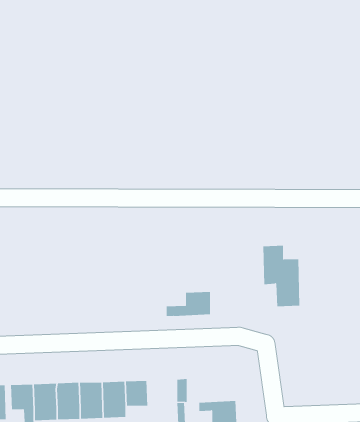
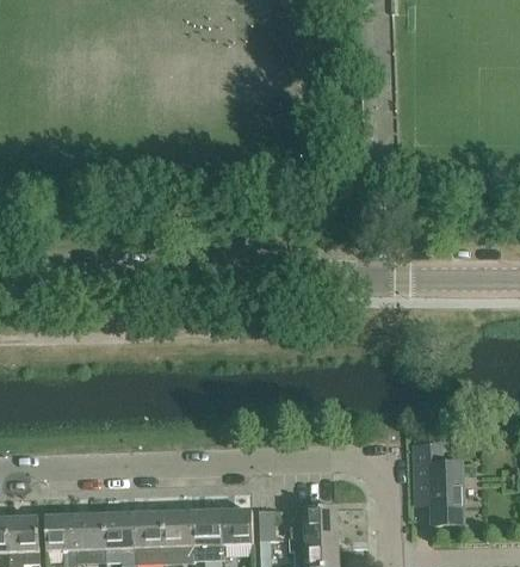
building: [263,245,300,307] -> [414,445,463,525]
building: [166,292,211,316] -> [279,509,338,541]
building: none -> [222,511,253,546]

